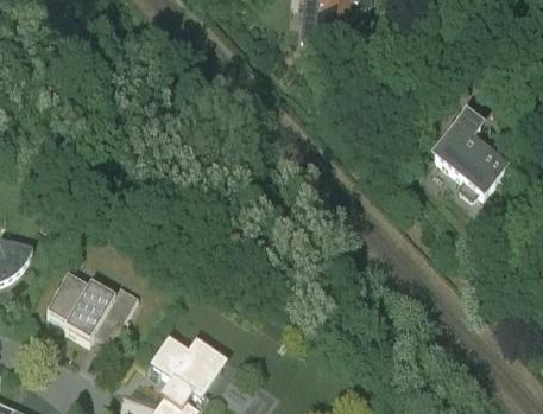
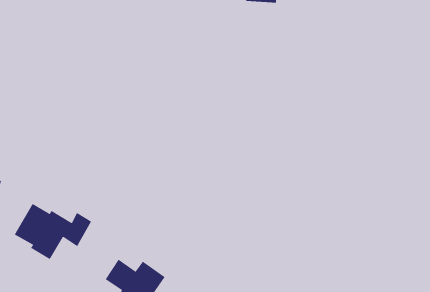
building: [435,119,504,195] -> none

